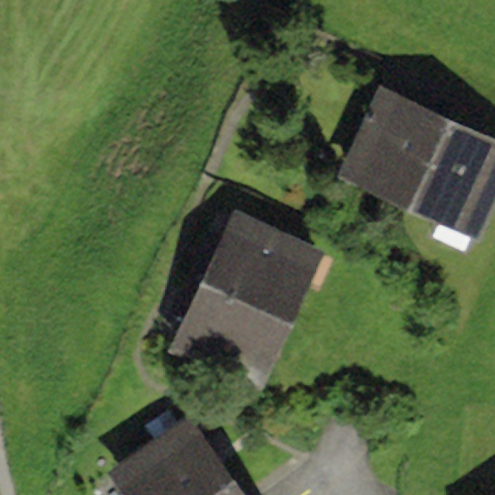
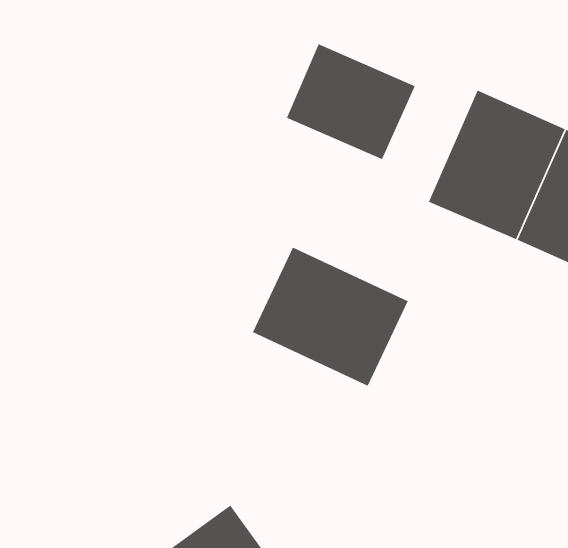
building: none -> [286,43,416,160]
building: [166,279,293,397] -> none

